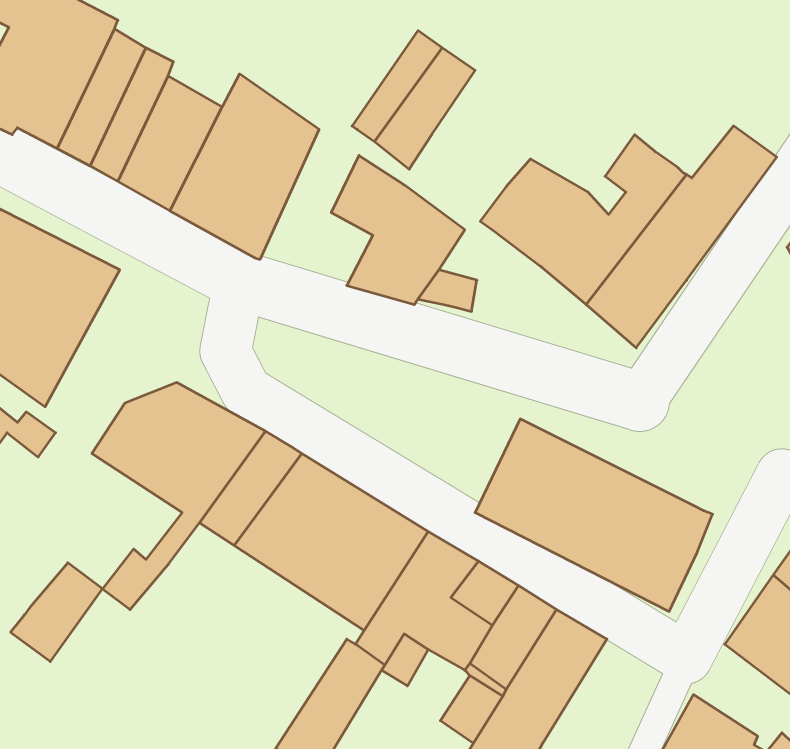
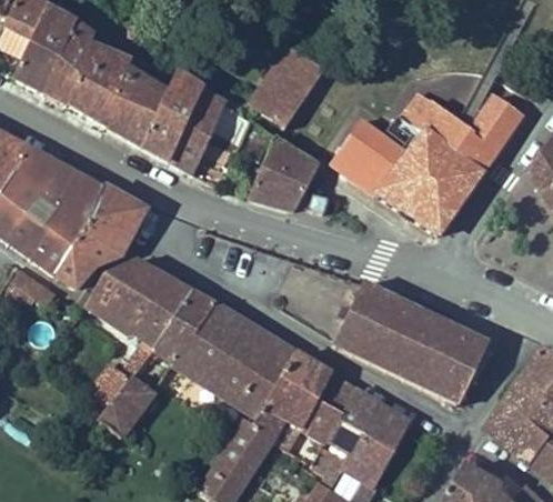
building: none -> [54,187,145,288]
building: [11,563,102,662] -> [97,375,155,439]

